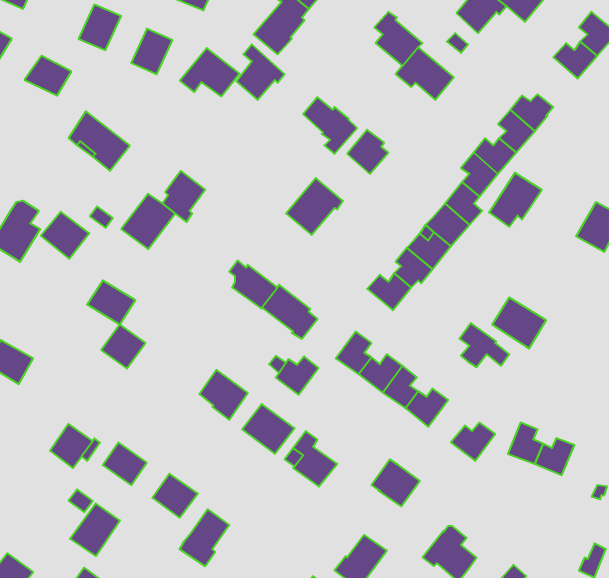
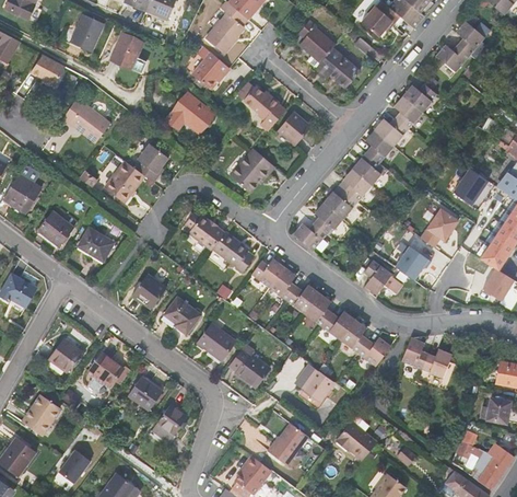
building: [180,48,240,96] -> [167,93,213,130]
building: [489,173,542,227] -> [421,205,461,246]
building: [41,212,89,259] -> [37,210,74,246]
building: [101,324,145,369] -> [132,274,166,308]
building: [276,356,318,395] -> [251,257,284,287]
building: none -> [340,319,368,351]
building: [70,503,120,556] -> [22,394,60,435]

